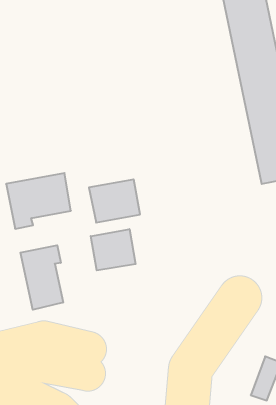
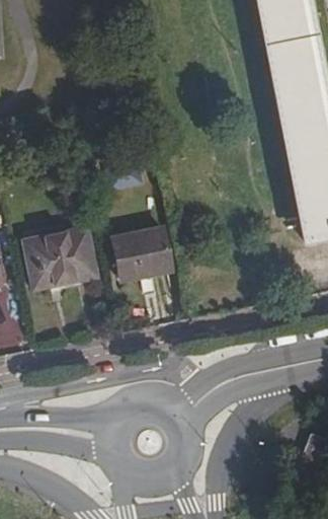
building: [91,229,136,270] -> none
building: [20,245,63,310] -> none

